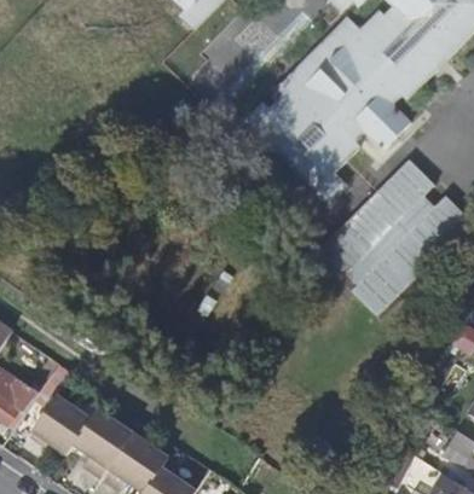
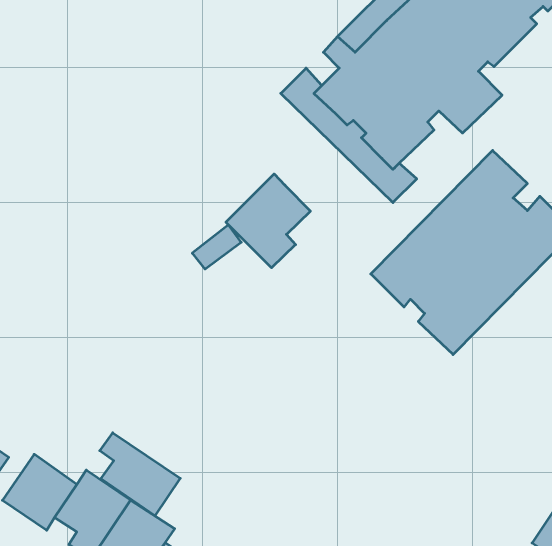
building: none -> [226,174,310,268]
building: none -> [100,433,180,516]

